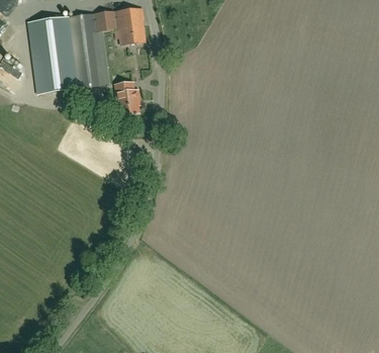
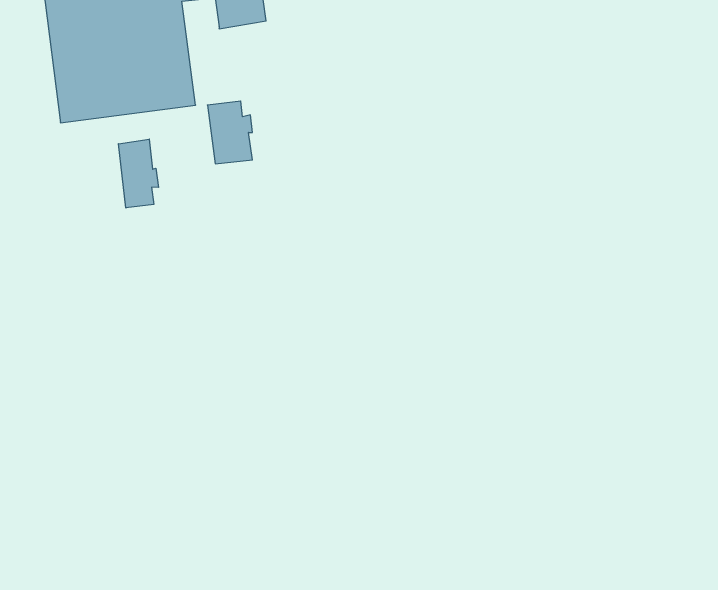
building: none -> [118,139,158,208]

